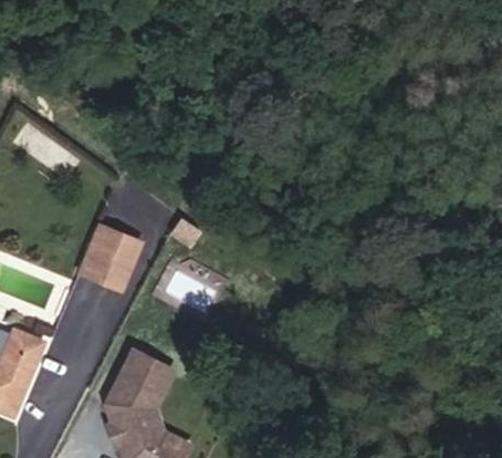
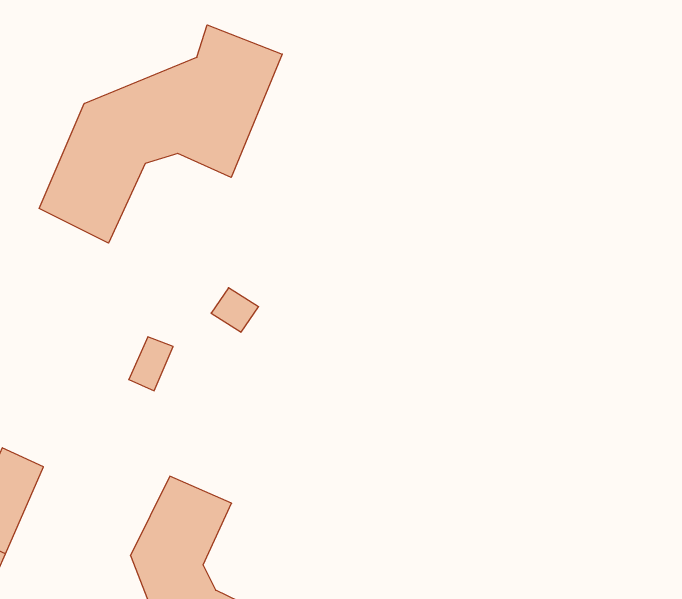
building: none -> [39,25,282,243]
building: [81,226,140,281] -> none

